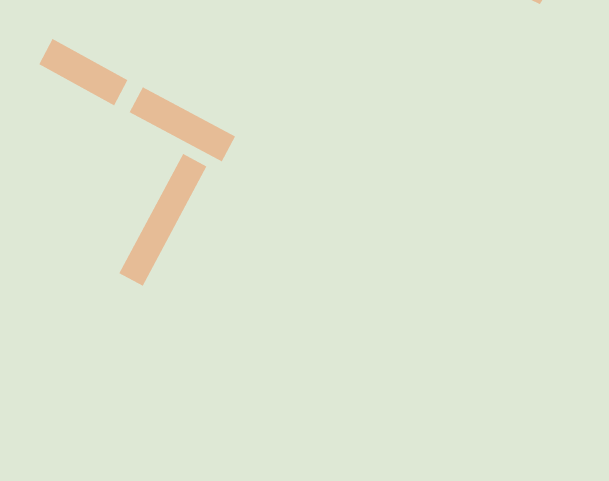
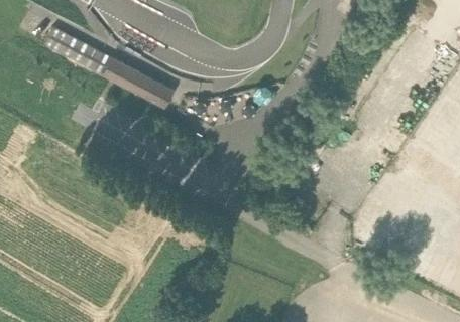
building: [118,153,207,287] -> none

